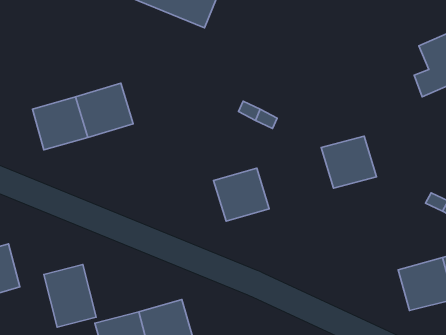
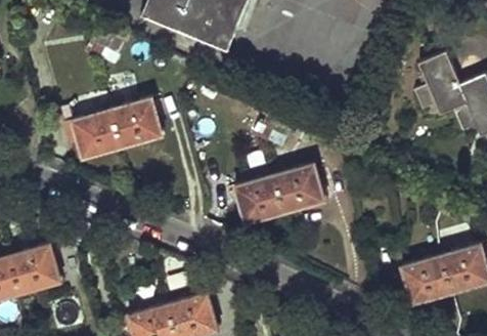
building: [321,136,377,188] -> [273,165,323,212]
building: [44,264,96,327] -> none

